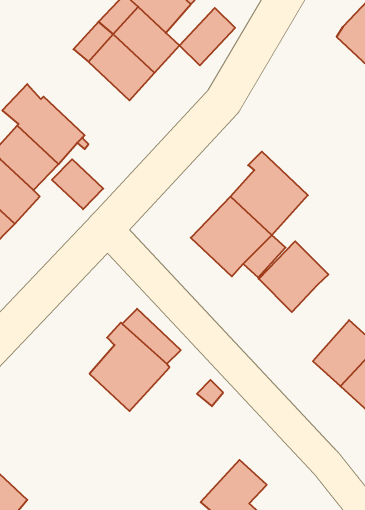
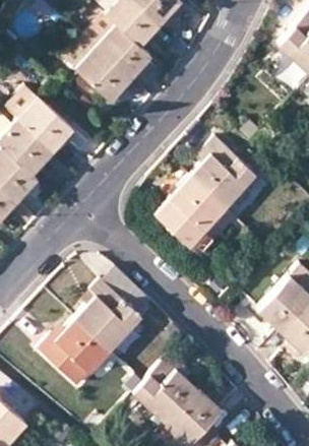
building: [179,8,235,65] -> none
building: [52,159,103,209] -> none
building: [259,241,328,312] -> none
building: none -> [41,322,111,385]
building: none -> [135,356,200,427]

